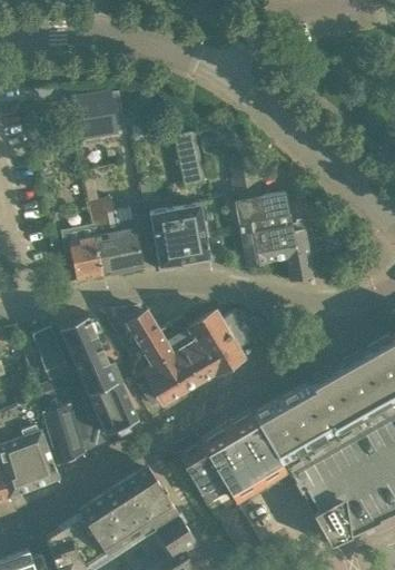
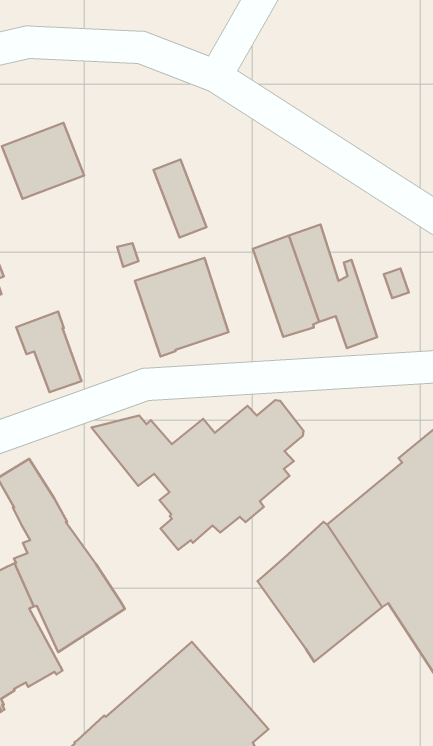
building: [88,198,142,277] -> none
building: [57,313,145,435] -> none
building: [184,435,230,500] -> none

